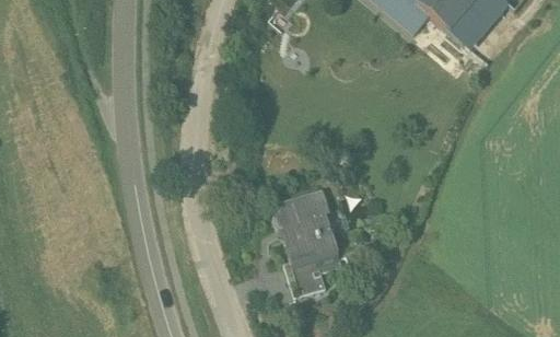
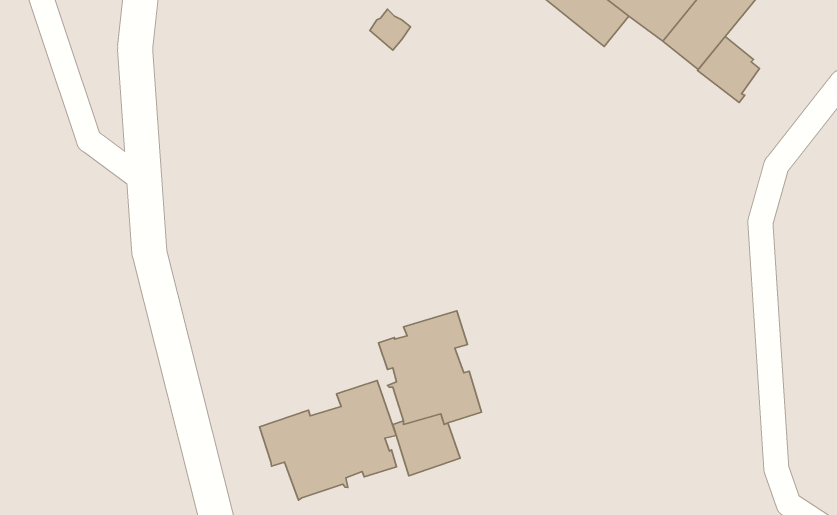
building: none -> [698,36,760,102]
building: none -> [260,380,397,500]

